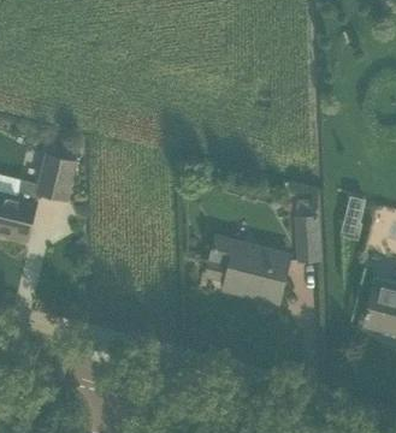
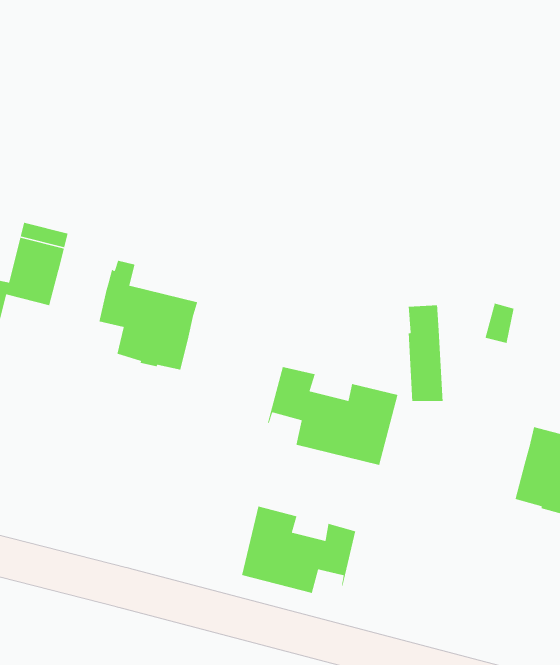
building: none -> [99,260,198,371]
building: none -> [241,505,356,594]

